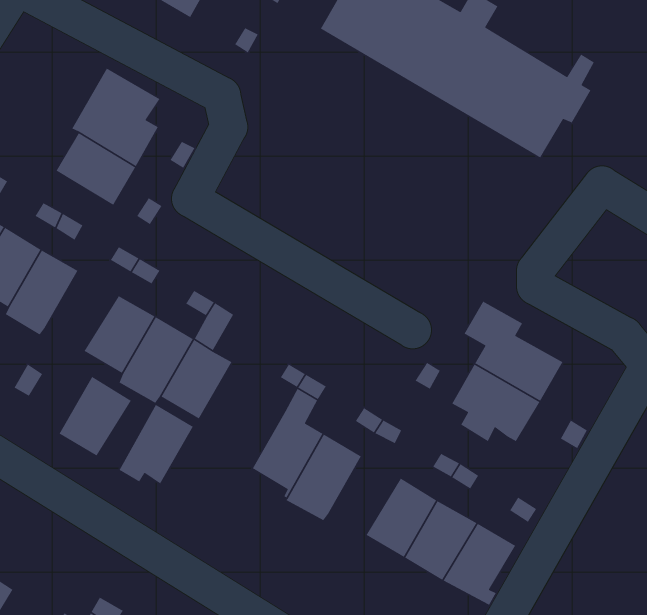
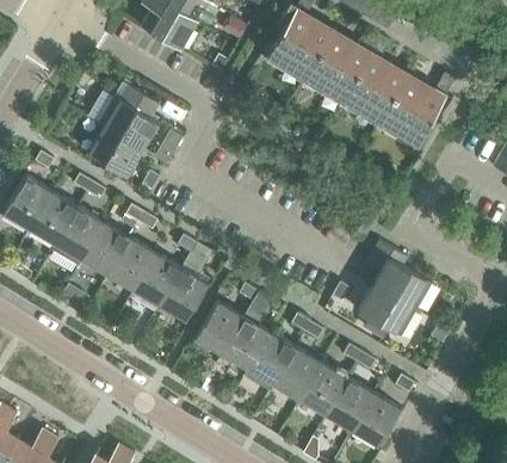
building: [58,376,132,457] -> [80,221,130,276]
building: [119,404,194,484] -> [192,301,243,356]
building: none -> [273,347,322,401]

